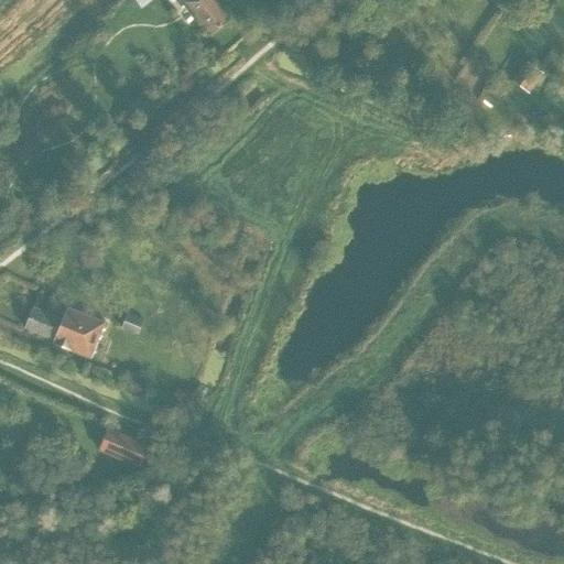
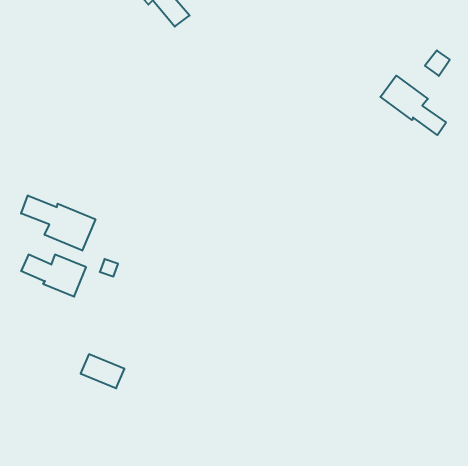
building: none -> [380,76,446,135]
building: none -> [21,195,95,251]

